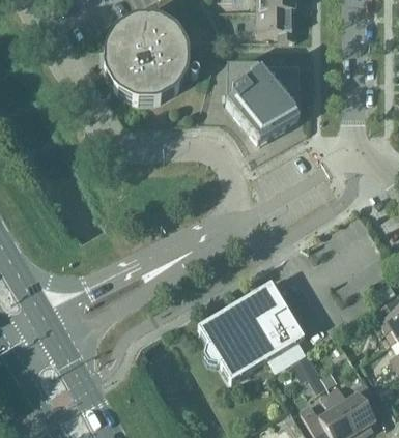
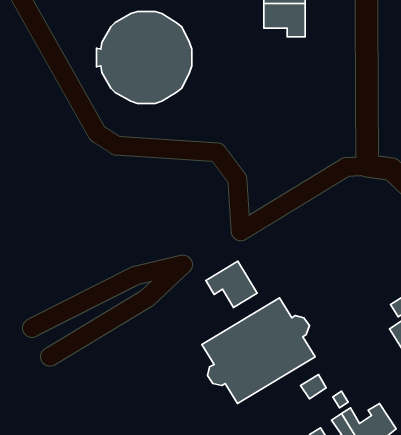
building: [227,70,300,141] -> none
building: none -> [206,261,257,307]

